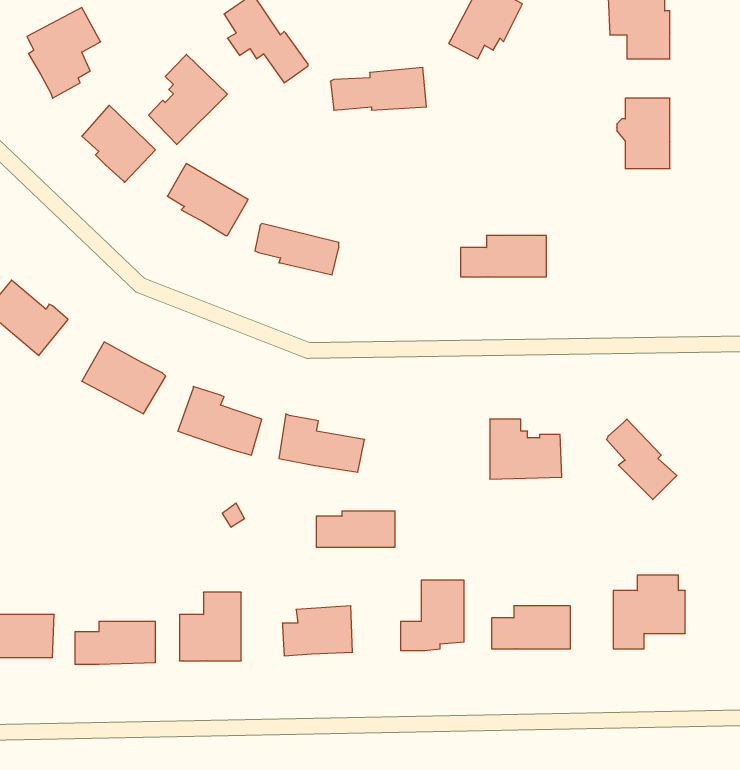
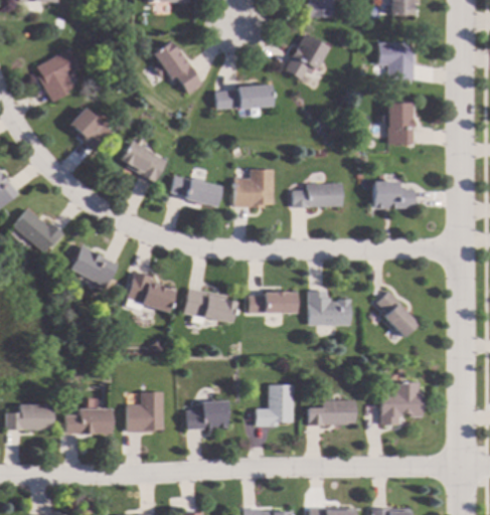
building: [149,54,228,145] -> none
building: none -> [234,169,274,208]
building: none -> [373,181,416,208]
building: [316,511,395,547] -> [250,292,296,313]

